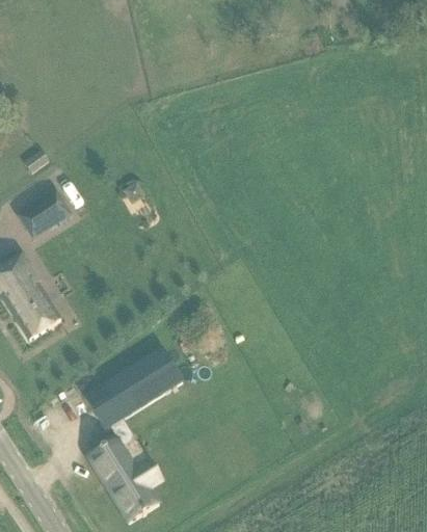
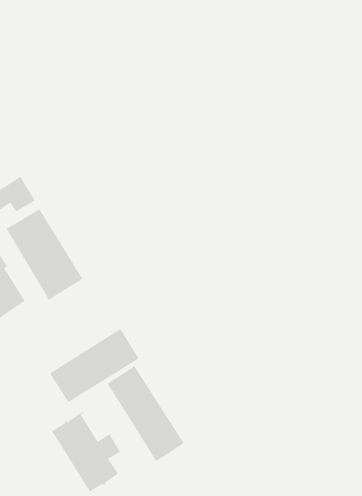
building: none -> [6,208,83,300]
building: none -> [107,366,184,462]

